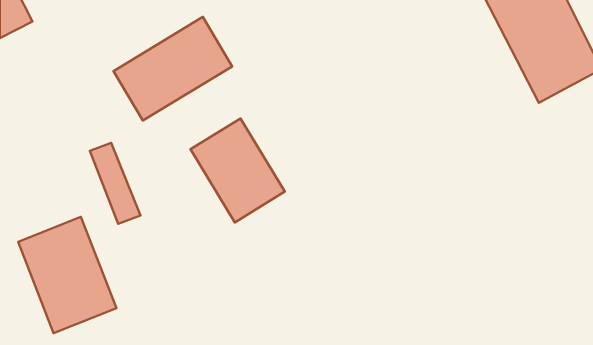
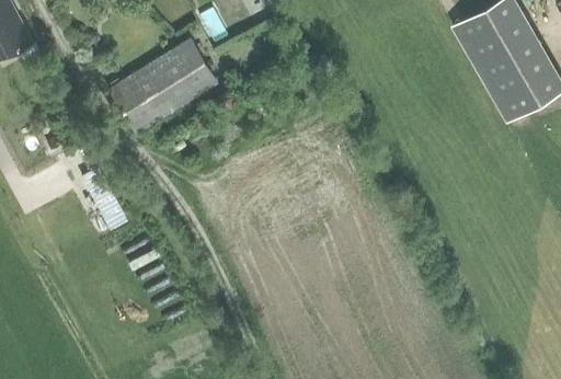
building: [190,118,285,222] -> none
building: [18,217,116,333] -> none

